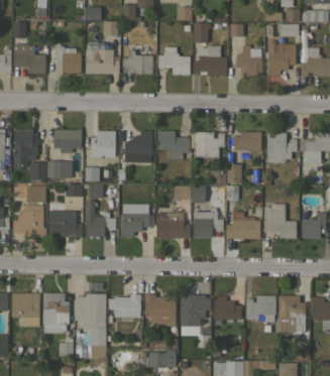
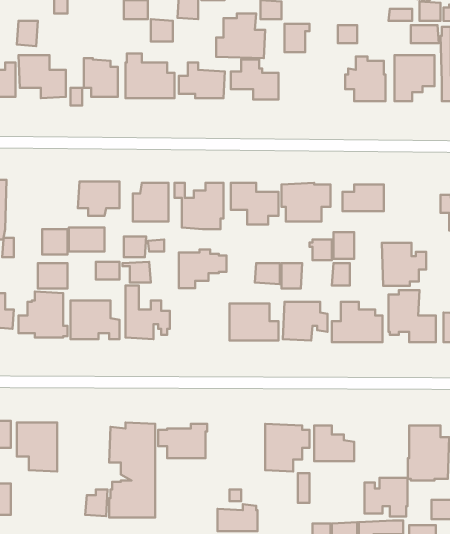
building: [194,45,227,76] -> [216,14,265,58]
building: [14,130,37,168] -> none
building: [266,133,297,162] -> [382,243,426,286]
building: [122,211,154,237] -> [179,250,226,288]
building: [42,292,70,334] -> none
building: [144,294,176,326] -> none
building: [246,295,276,322] -> [365,478,408,517]

